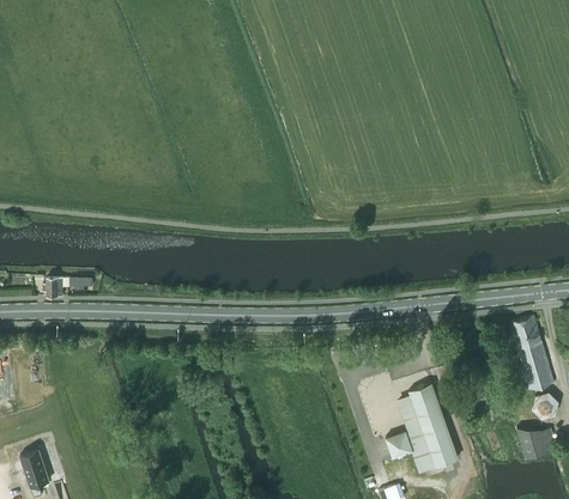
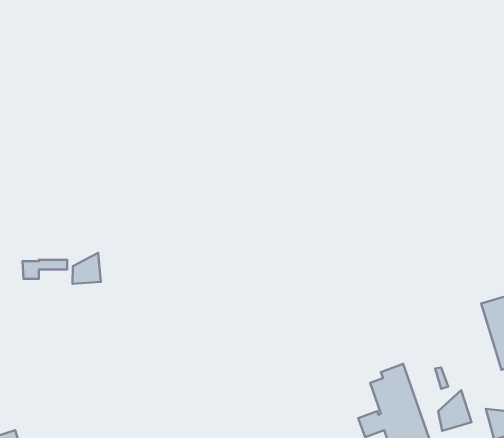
building: none -> [73,253,101,284]
building: none -> [438,390,471,431]

